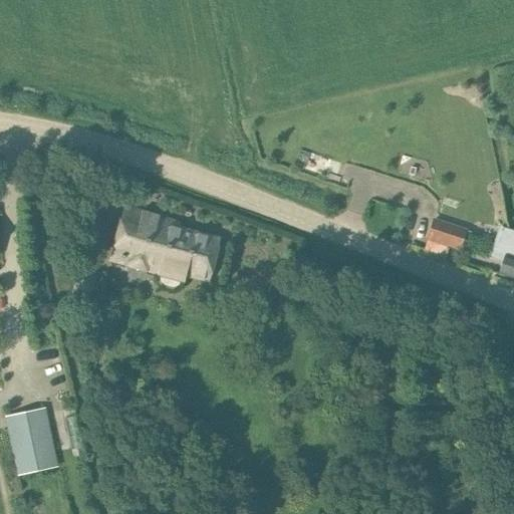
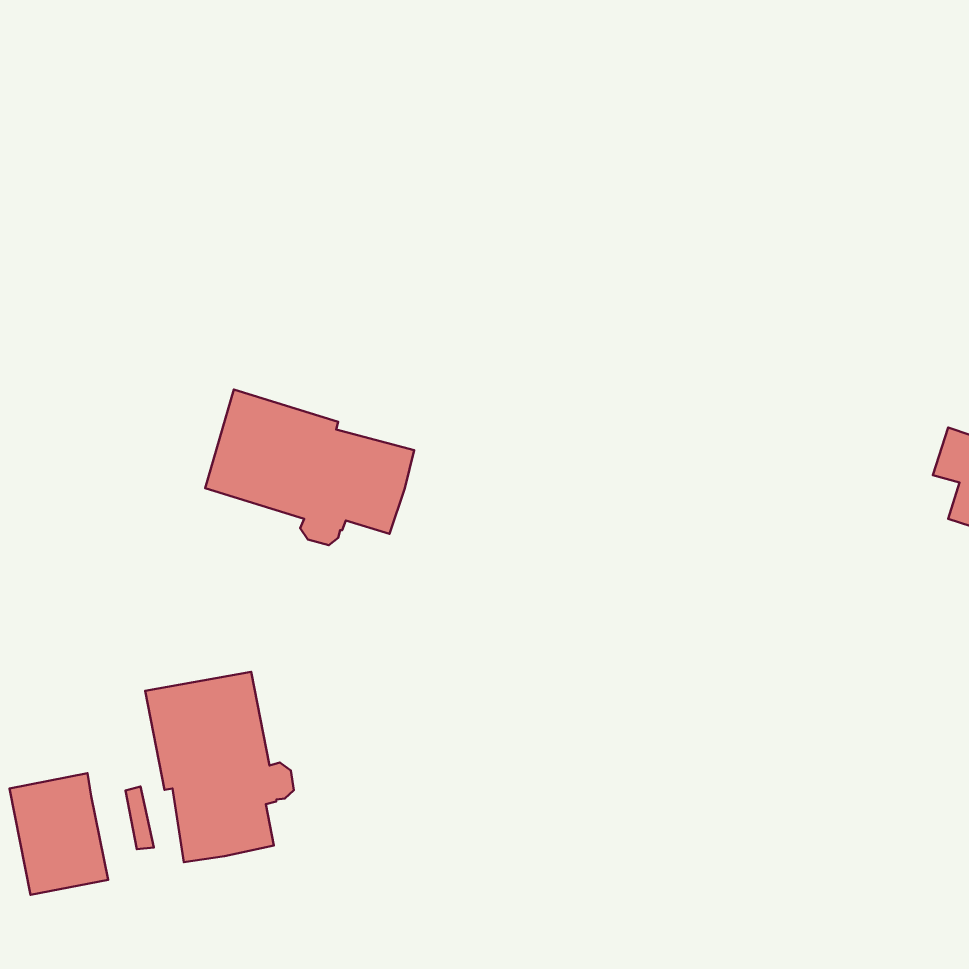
building: [428,217,458,246] -> none
building: none -> [145,672,294,862]

